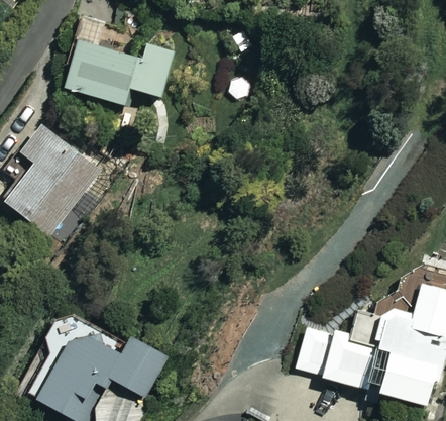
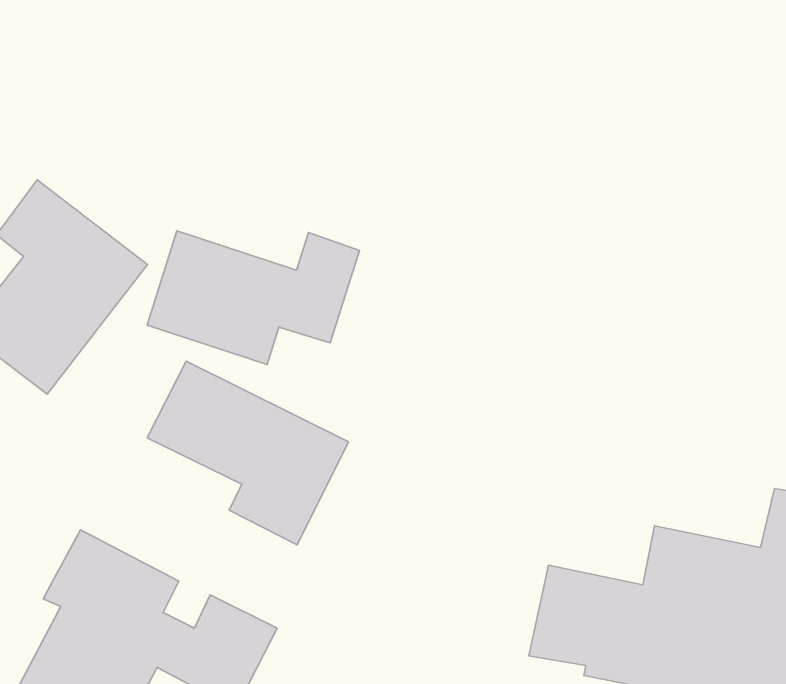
building: [66,40,175,109] -> [147,231,360,364]
building: none -> [147,361,349,545]

